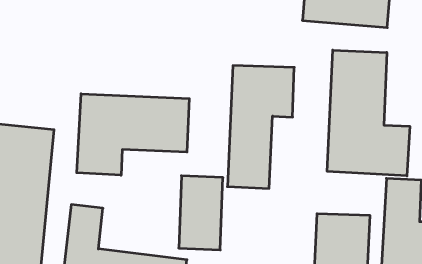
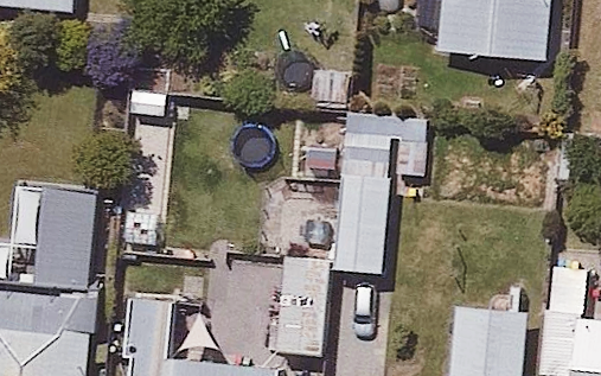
building: [327,50,410,176] -> none
building: [77,94,189,175] -> none

